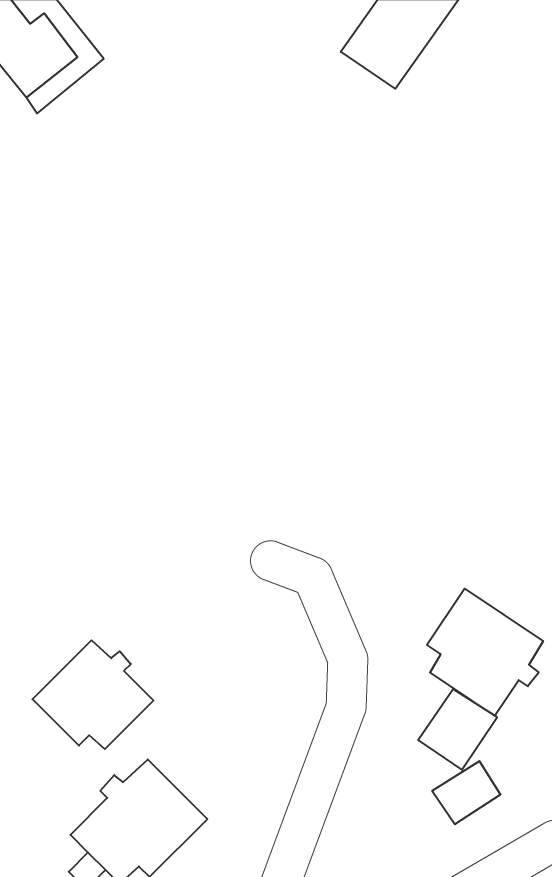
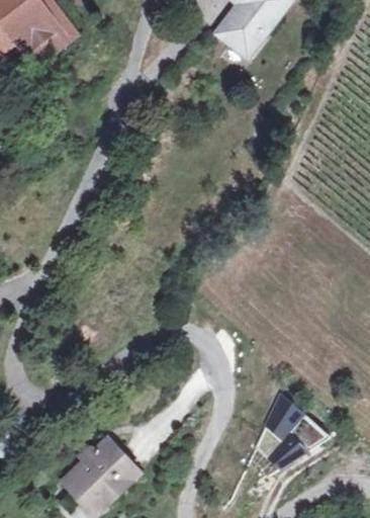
building: [427,589,543,716] -> none
building: [32,640,153,749] -> none

